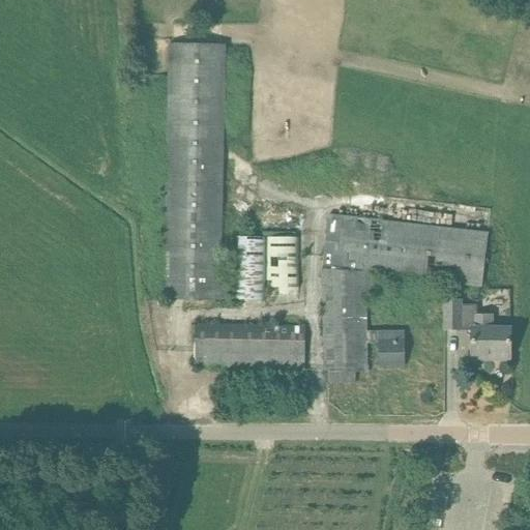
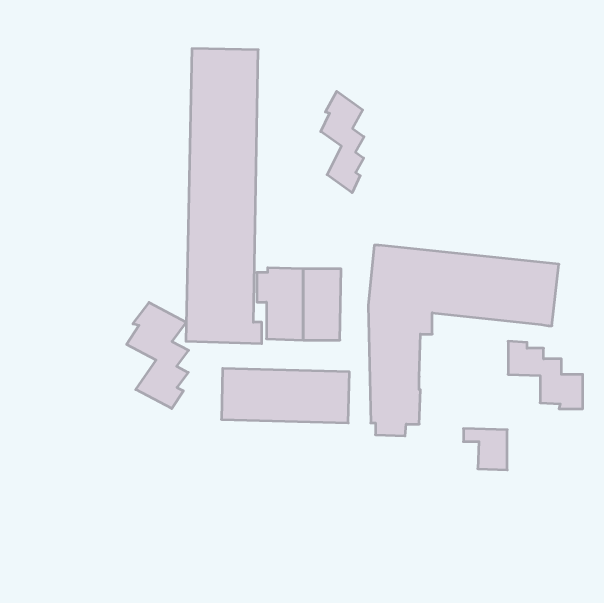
building: none -> [321,91,364,193]
building: none -> [127,302,189,409]
building: [366,329,405,365] -> [463,429,507,470]

